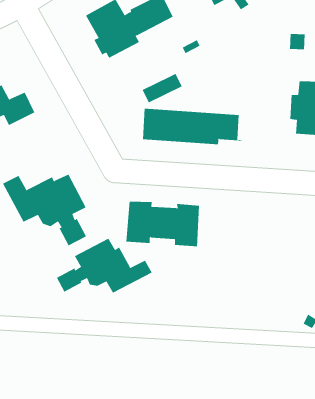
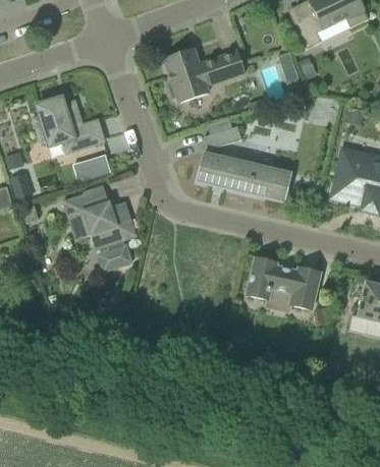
building: none -> [72,154,110,181]
building: [126,201,200,247] -> [246,256,319,308]
building: [56,238,153,293] -> none

